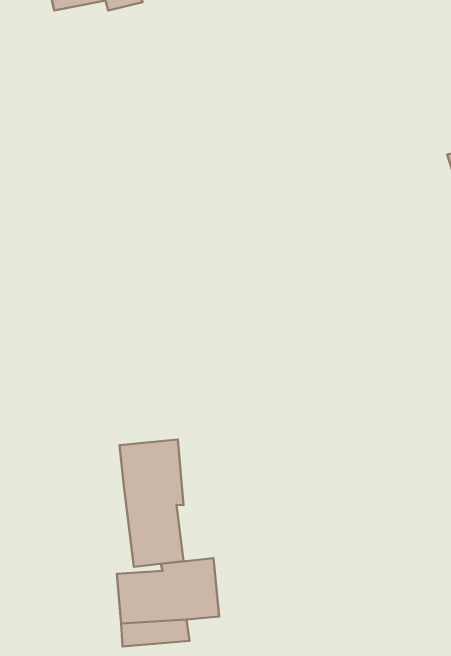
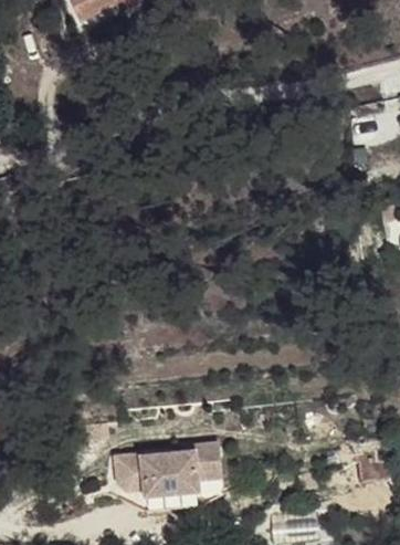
building: [120,439,184,567] -> none

